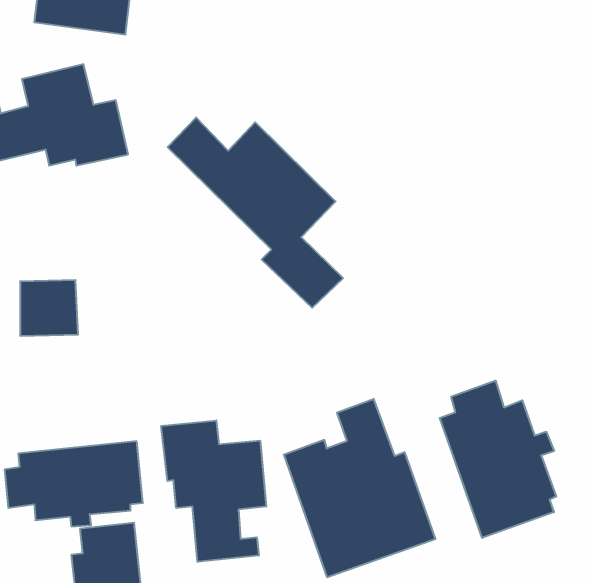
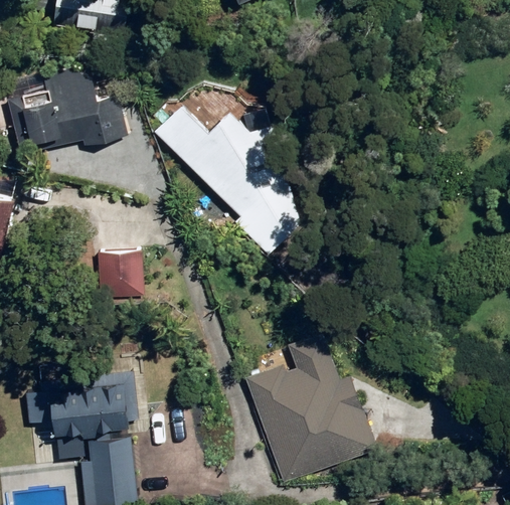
building: [20,280,78,336] -> [96,251,143,297]
building: [440,381,556,538] -> none
building: [161,420,266,562] -> none

